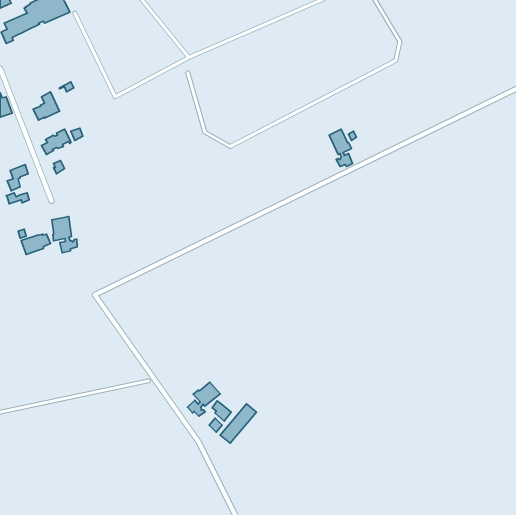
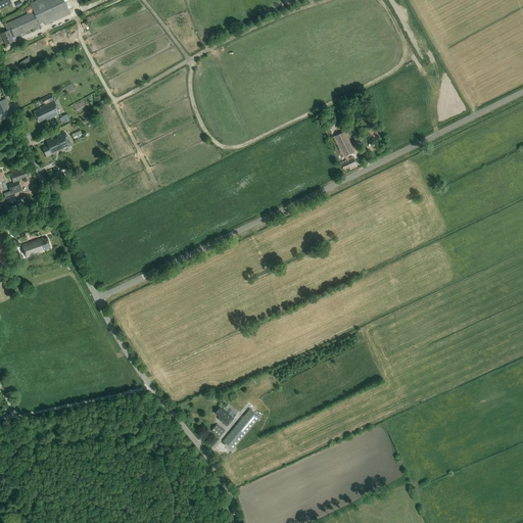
building: [52,216,77,253] -> none
building: [187,382,220,416] -> none

